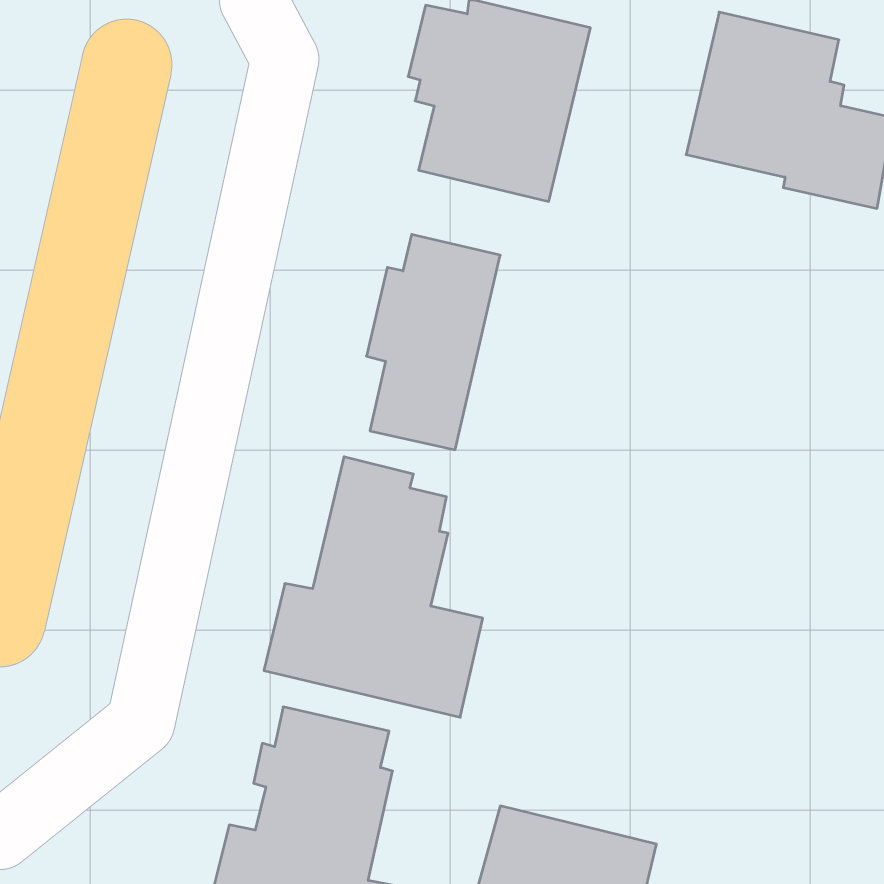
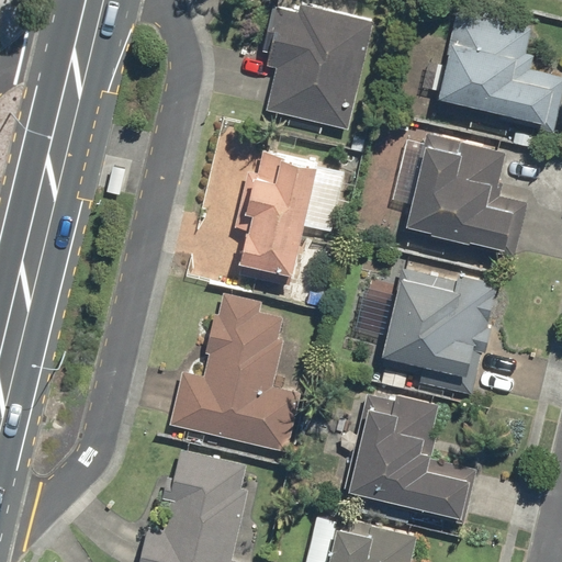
building: none -> [403,133,530,257]
building: none -> [375,267,505,396]
building: none -> [342,385,480,526]

